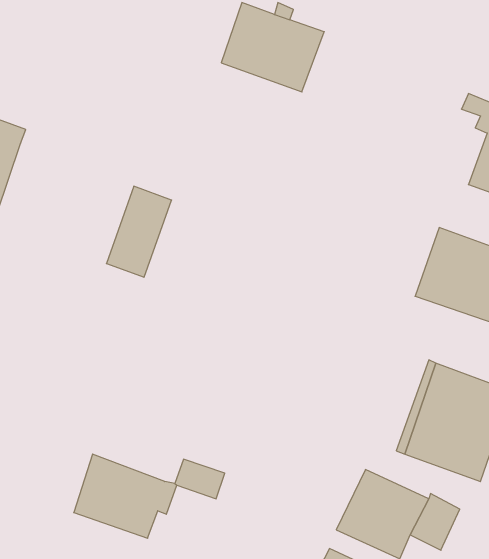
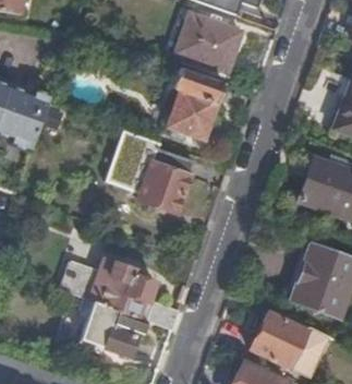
building: none -> [163,67,230,137]
building: none -> [141,147,195,213]
building: none -> [62,257,157,319]

